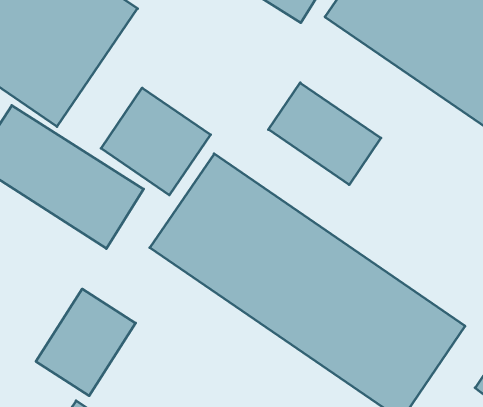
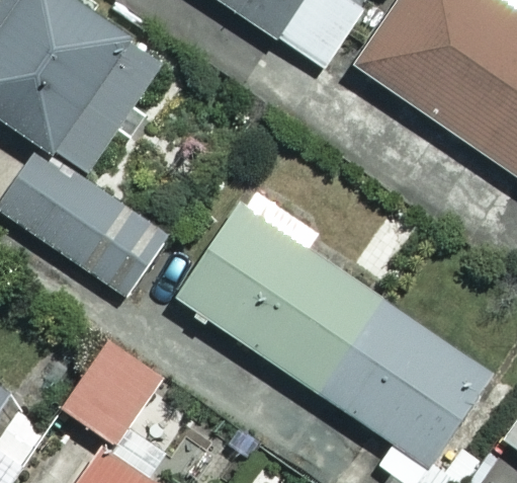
building: [268,83,381,185] -> none
building: [101,88,211,195] -> none

